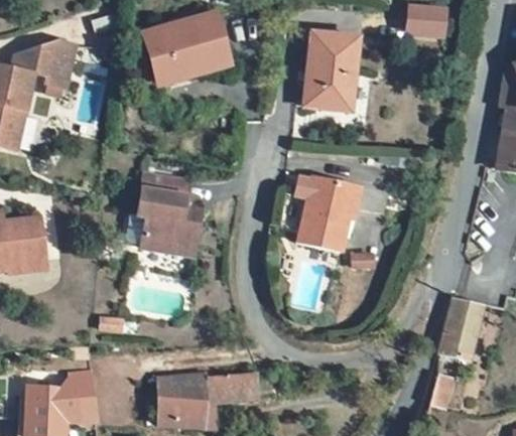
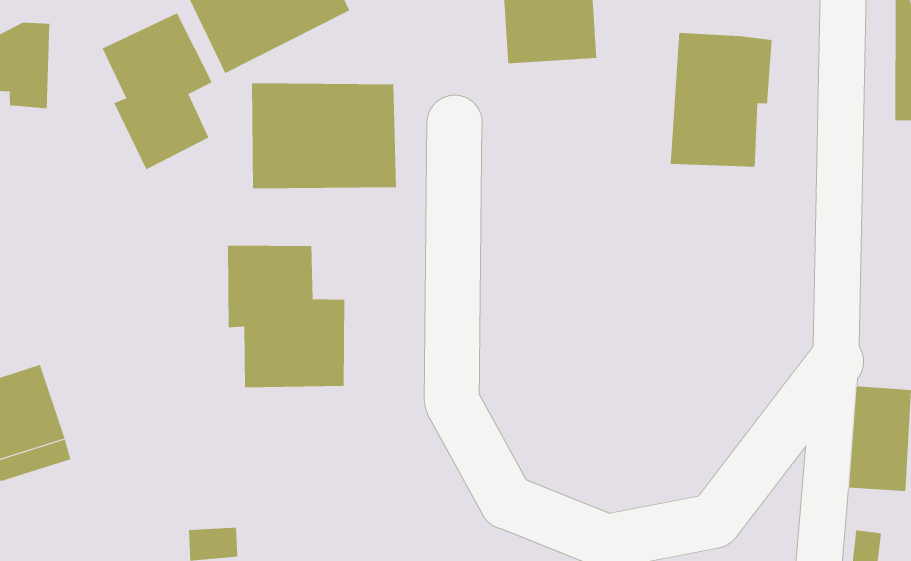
building: none -> [102,12,213,170]
building: none -> [251,83,396,189]
building: [296,175,360,251] -> [670,33,773,167]

